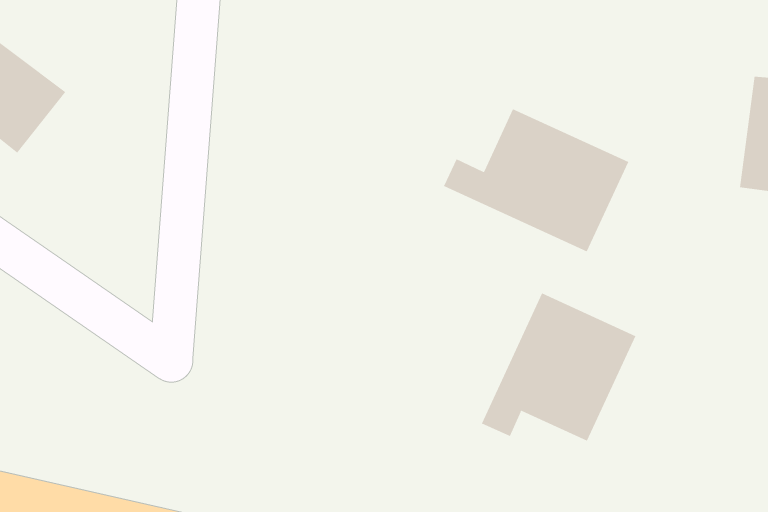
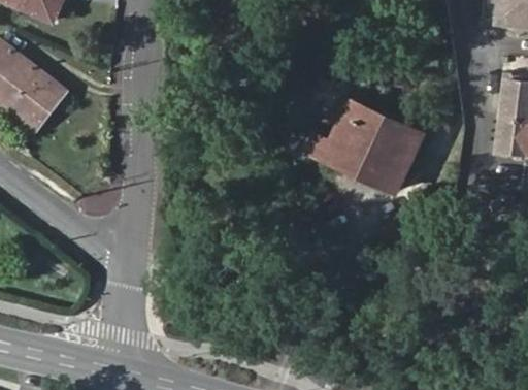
building: [481,293,636,442] -> none

